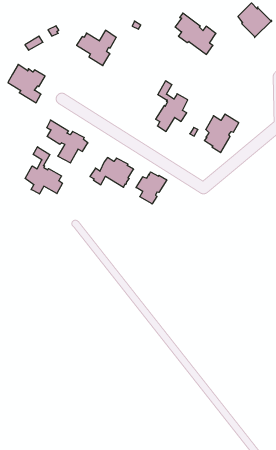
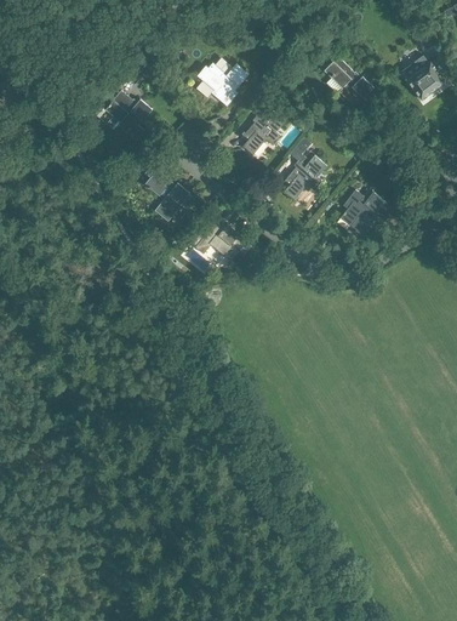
building: none -> [242,109,286,154]
building: [25,147,62,194] -> none
building: [136,172,167,204] -> none

